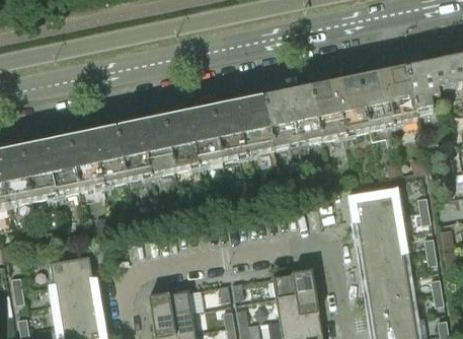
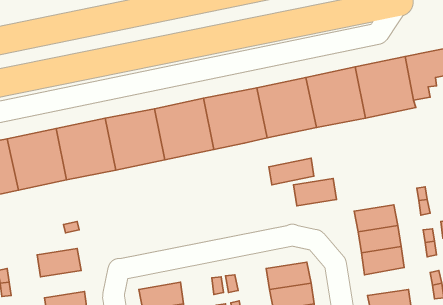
building: none -> [269,158,314,185]
building: [353,190,394,216] -> [294,179,336,206]
building: [366,271,408,298] -> none
building: [52,274,94,300] -> none

